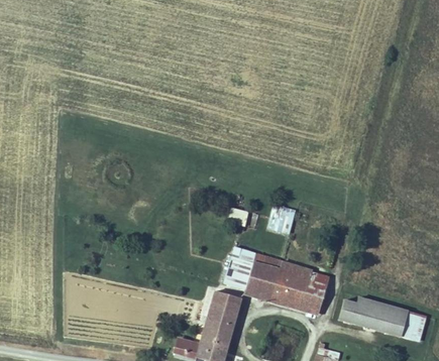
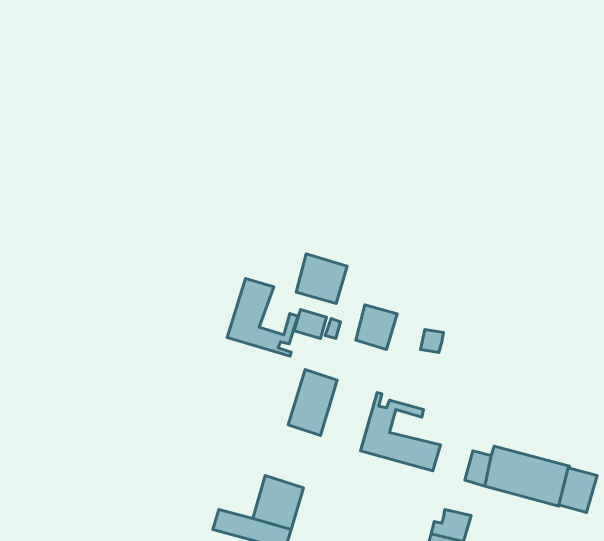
building: none -> [296,254,347,303]
building: none -> [227,279,298,356]
building: [245,253,283,299] -> none
building: [291,272,329,295] -> none
building: [209,290,241,324] -> none

